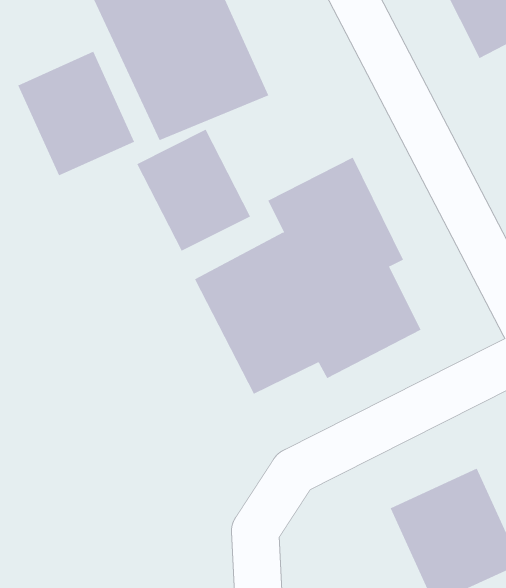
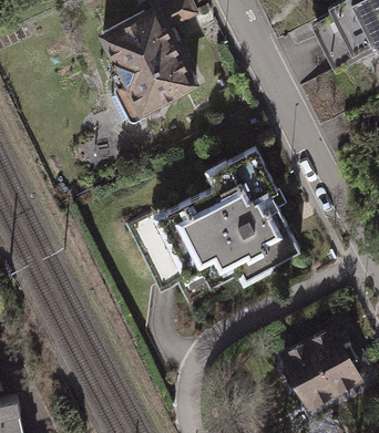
building: [17,51,135,176] -> none
building: [137,129,251,252] -> none

